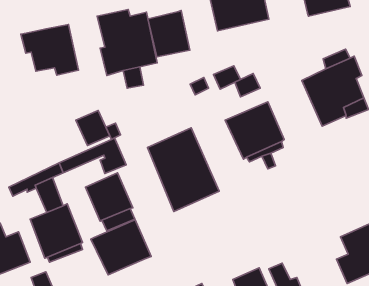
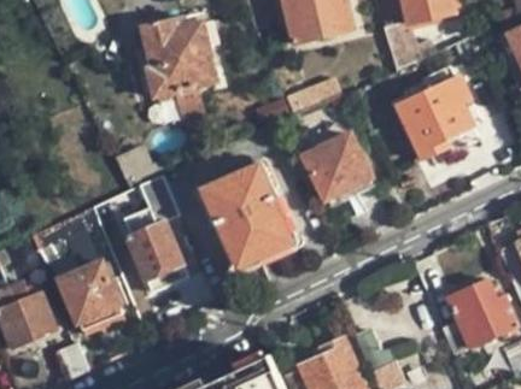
building: [148,10,190,57] -> none
building: none -> [381,20,434,70]
building: [21,25,78,75] -> none
building: [91,220,151,275] -> none

